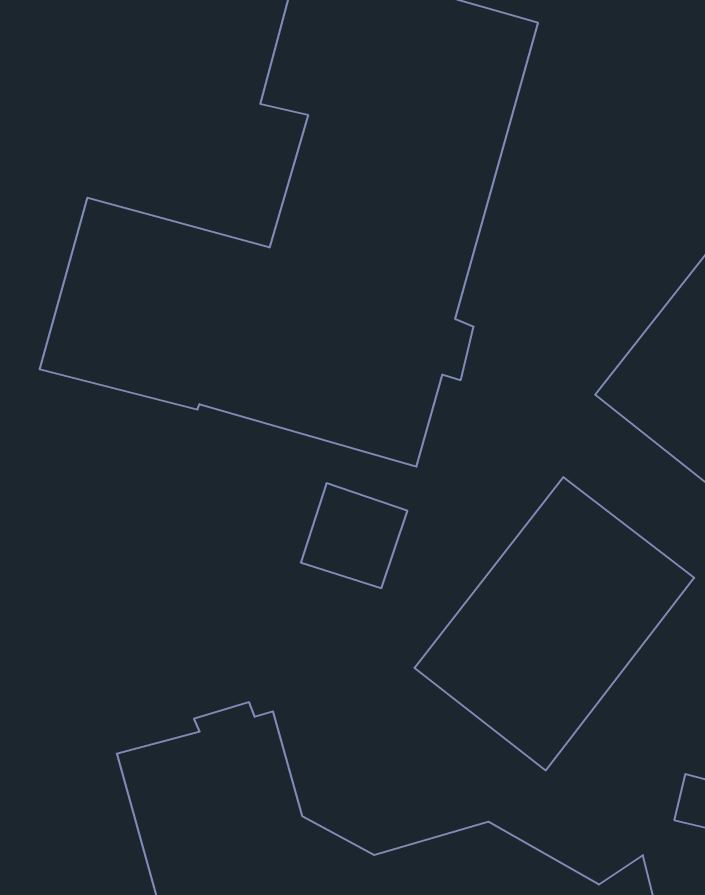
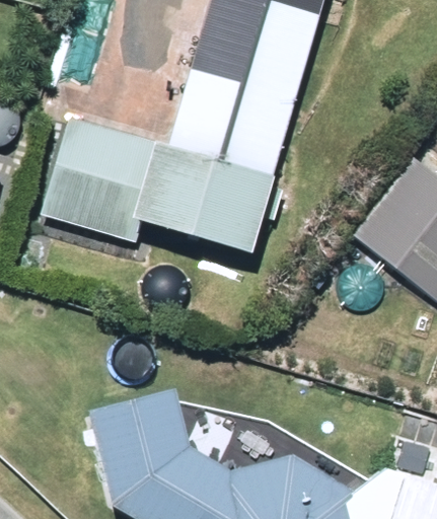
building: [414,477,694,770] -> none

